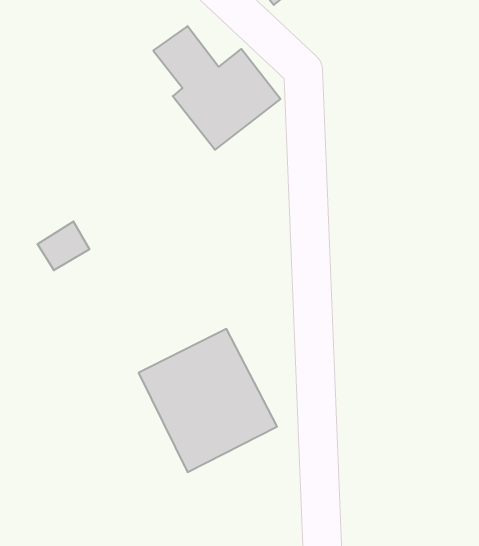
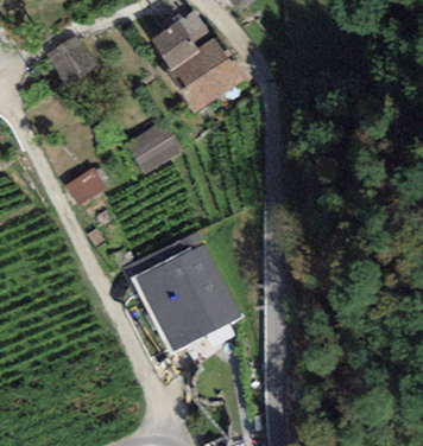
building: none -> [45,31,101,88]
building: none -> [122,113,182,170]

